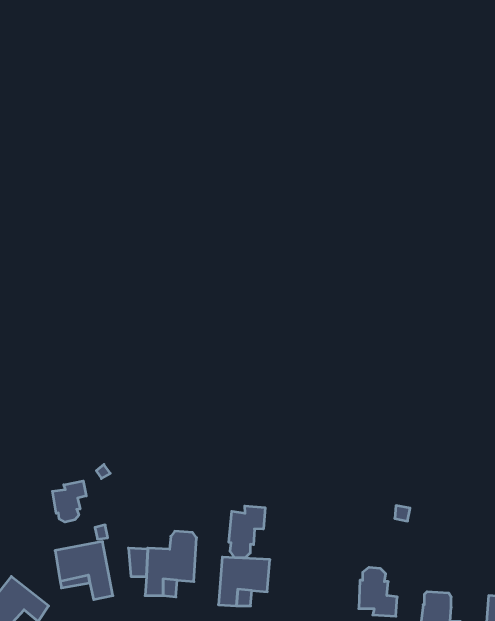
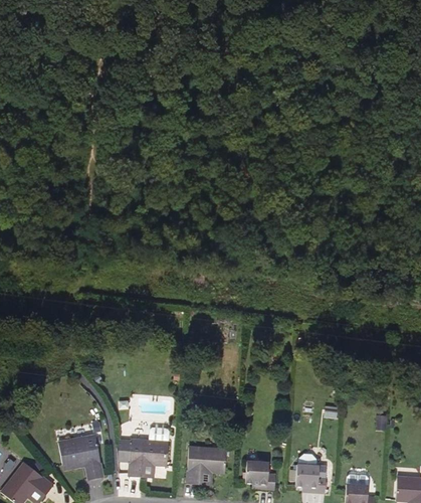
building: [52,481,86,522] -> none
building: [229,506,265,558] -> none
building: none -> [245,461,275,489]

